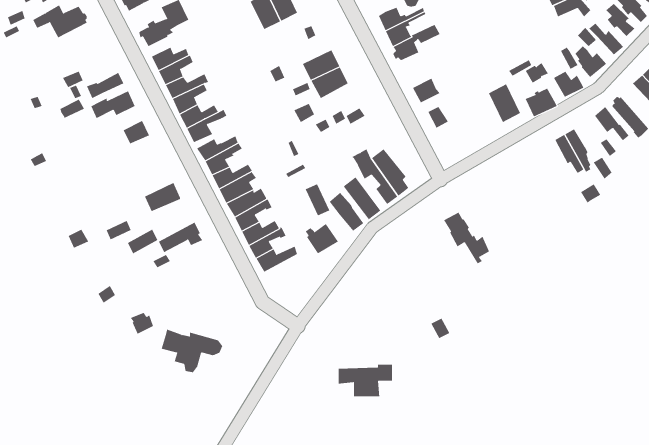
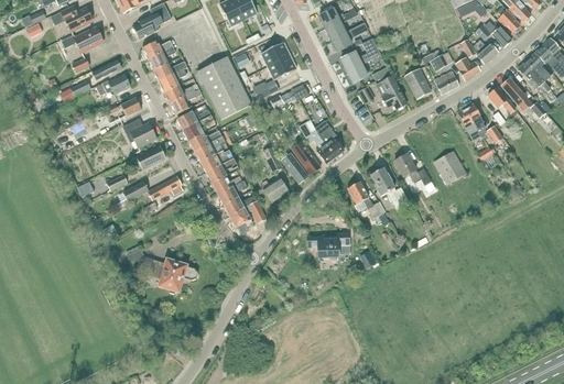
building: none -> [62,26,104,53]
building: none -> [340,37,380,72]
building: none -> [195,56,250,116]
building: none -> [376,76,406,109]
building: none -> [123,119,156,147]
building: none -> [434,150,466,184]
building: none -> [394,154,431,185]
building: none -> [347,182,389,226]
building: none -> [230,201,267,228]
building: [338,364,393,397] -> [306,232,349,257]

